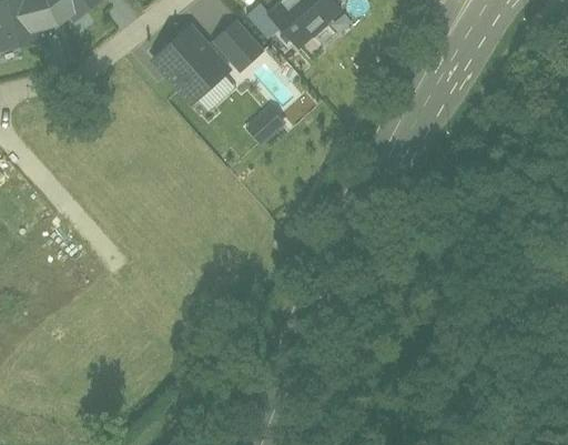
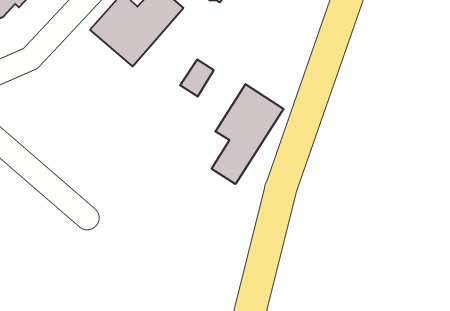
building: none -> [212,84,284,184]

